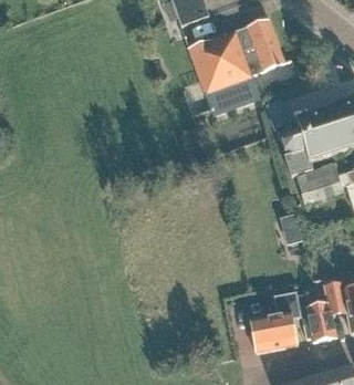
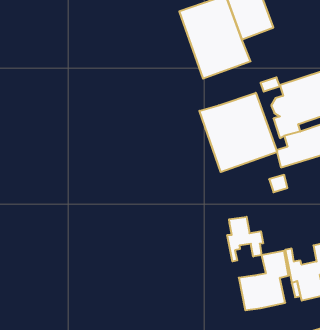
building: none -> [199,93,277,172]
building: none -> [227,217,263,261]

